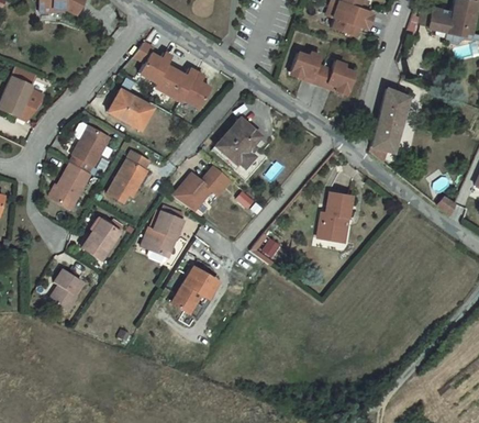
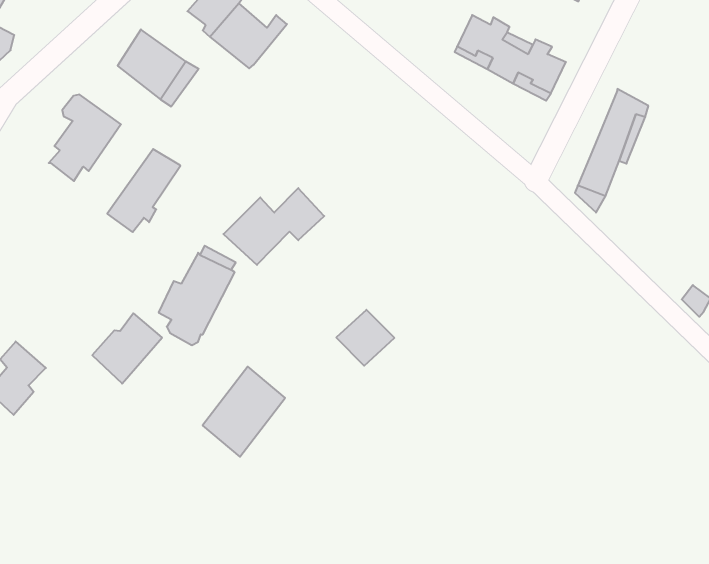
building: [181,71,210,107] -> none
building: [211,115,259,166] -> none
building: [53,165,91,209] -> none
building: [320,191,353,244] -> none
building: [81,222,120,263] -> [92,313,162,384]

